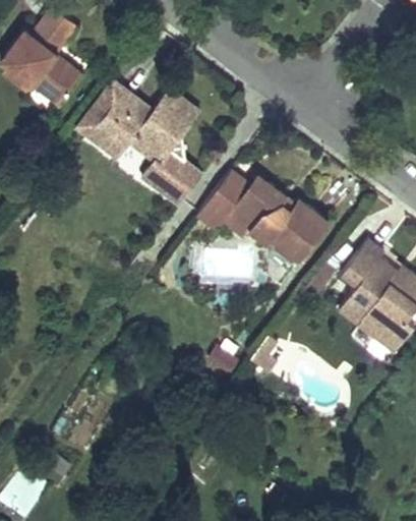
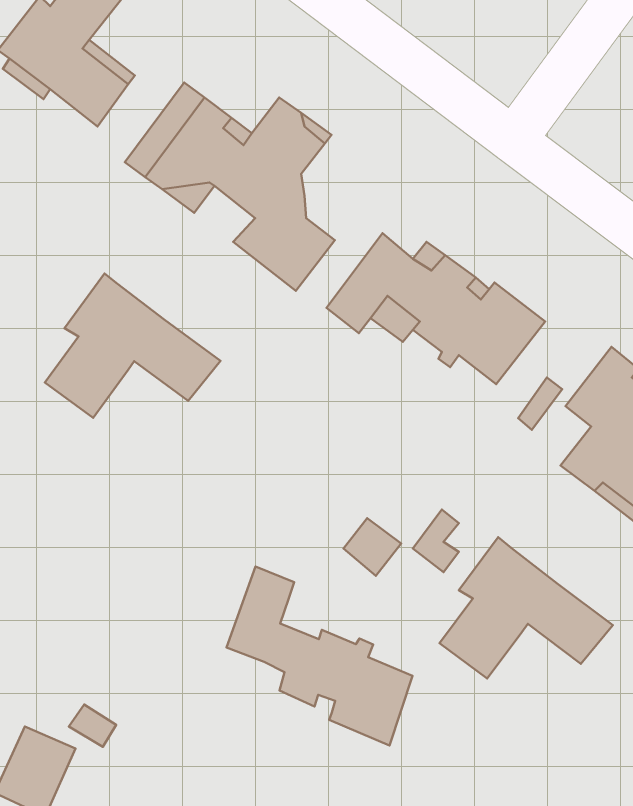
building: none -> [45,273,220,418]
building: none -> [439,537,613,679]
building: none -> [226,566,413,746]

